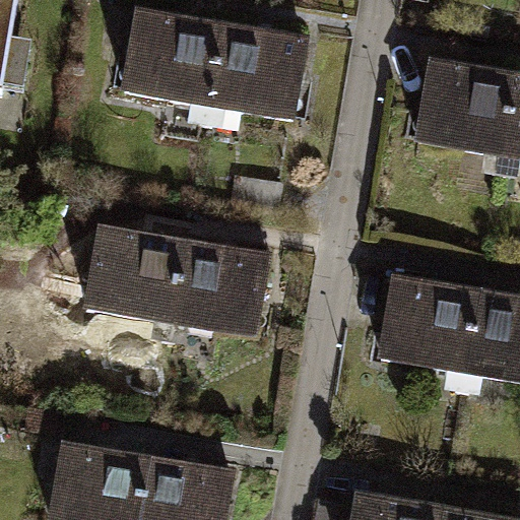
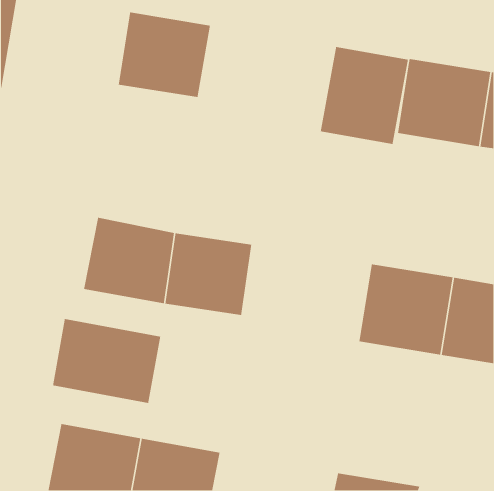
building: [208,26,309,119] -> none
building: none -> [320,46,409,145]
building: none -> [52,318,161,404]

